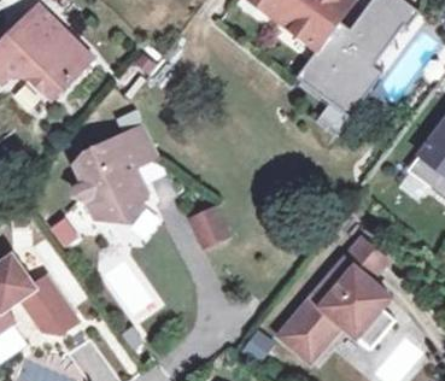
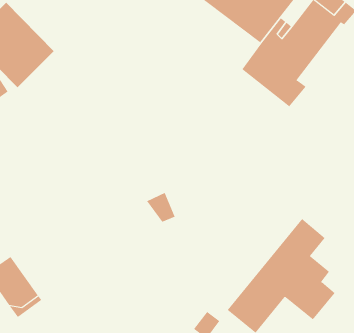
building: [74,125,154,217] -> none

